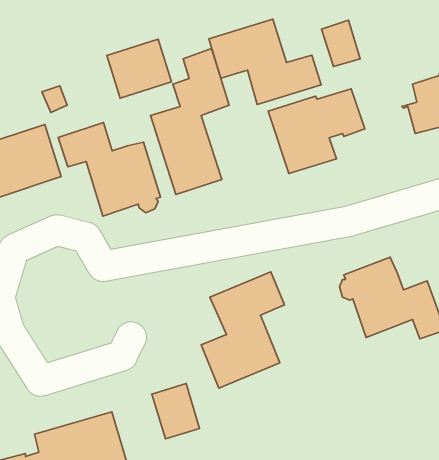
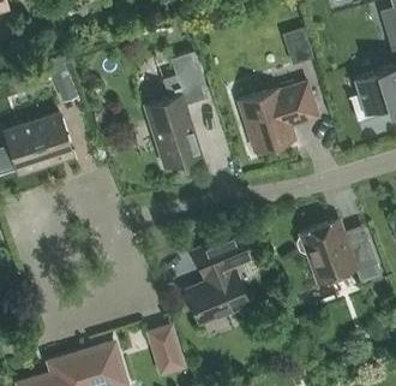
building: [209,19,321,104] -> none
building: [107,39,172,98] -> none
building: [58,123,160,216] -> none

